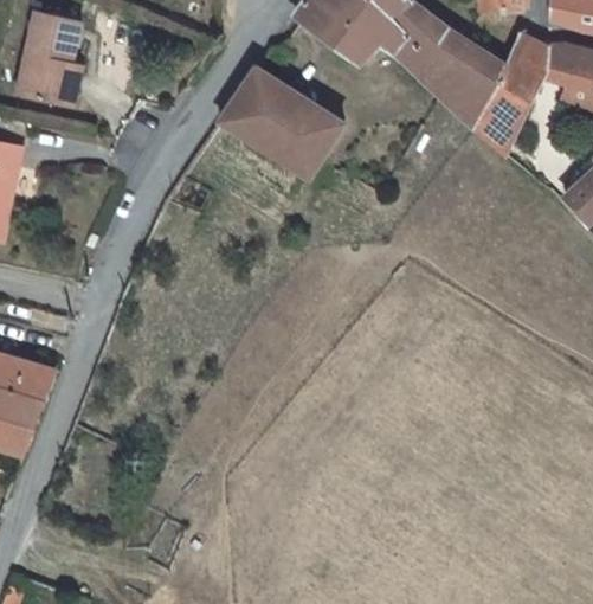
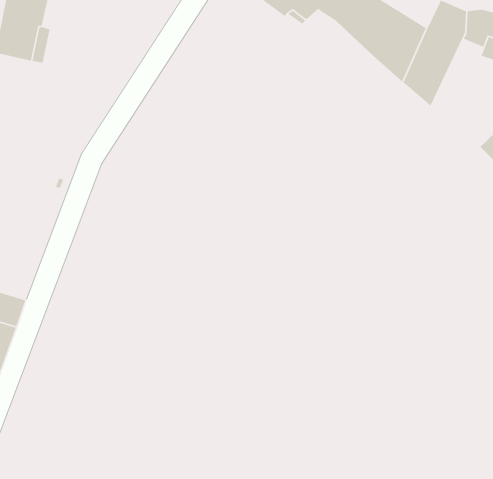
building: [220,68,344,176] -> none

